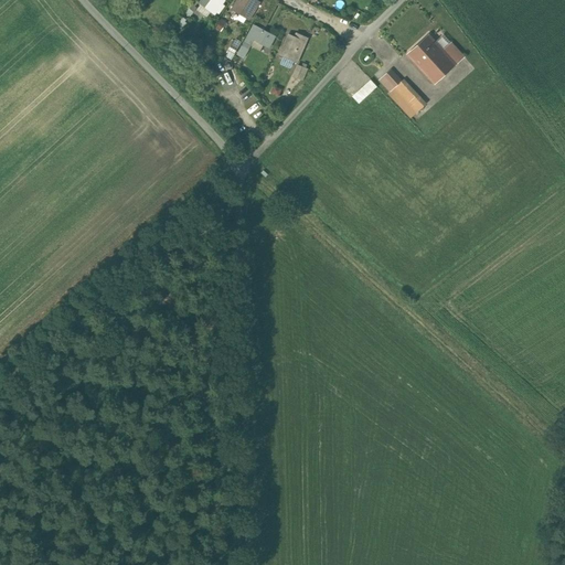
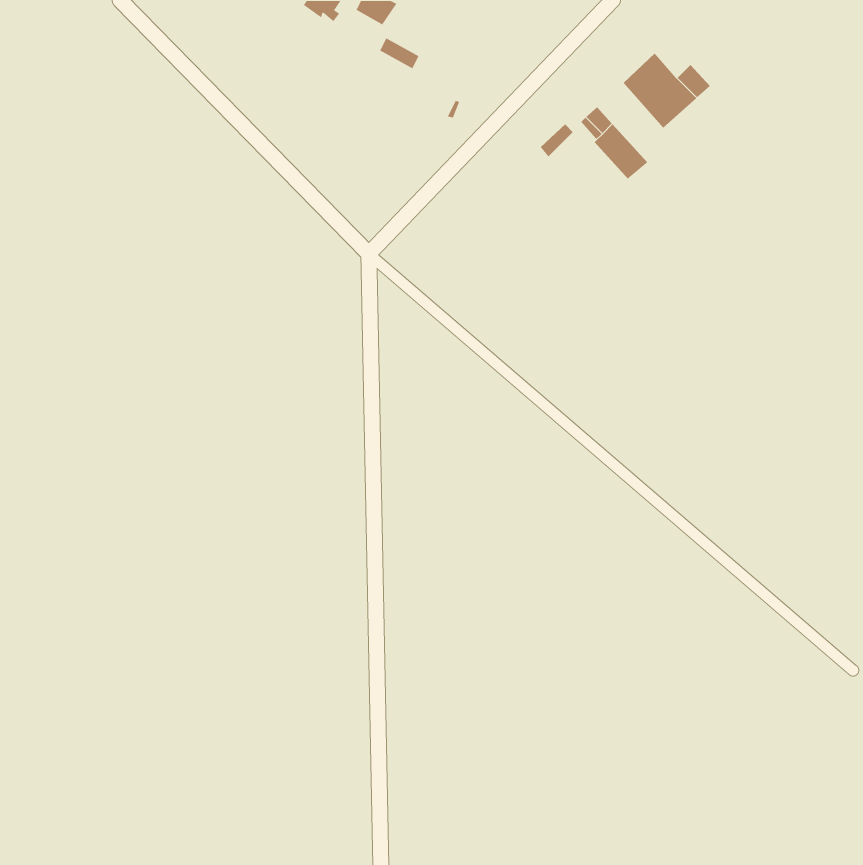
building: [279,33,307,60] -> none

